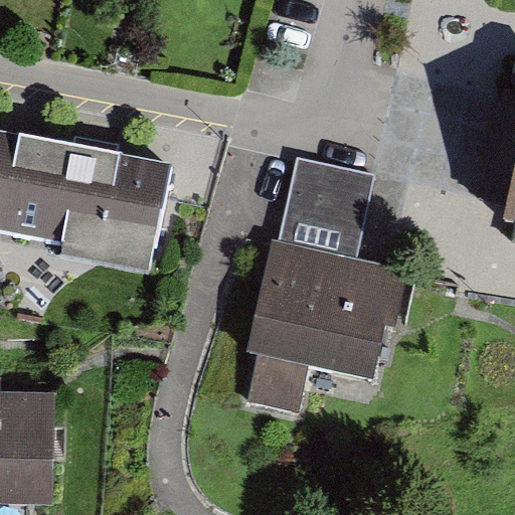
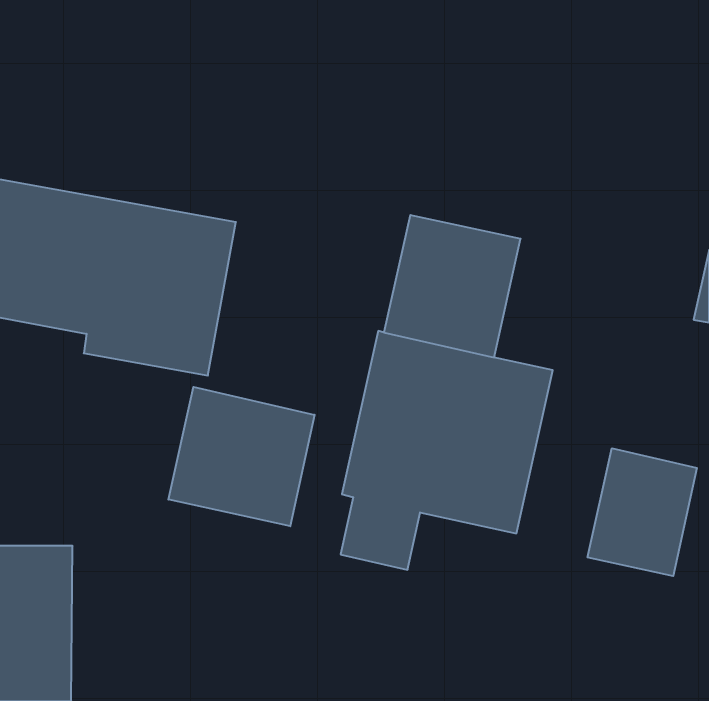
building: none -> [168,387,315,526]
building: none -> [588,448,697,576]

